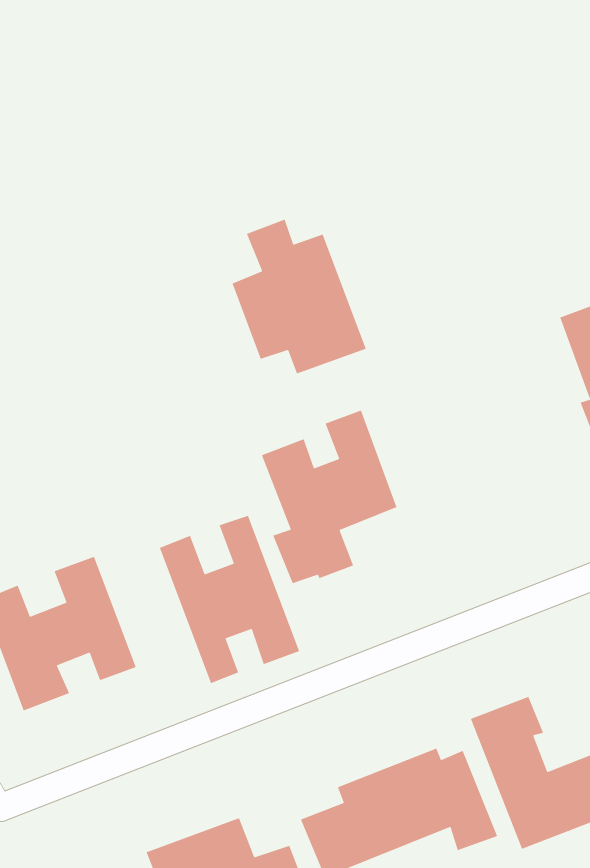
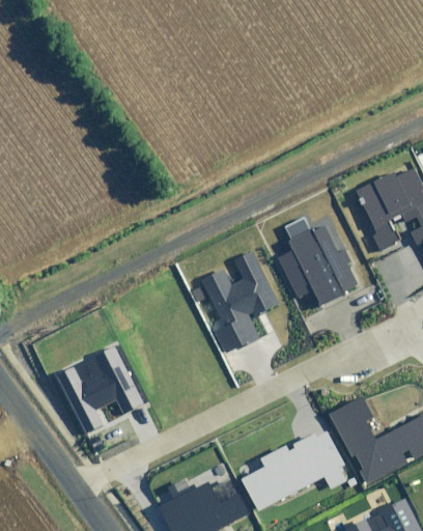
building: [232,218,367,374] -> [279,219,357,304]
building: [159,515,300,684] -> none

